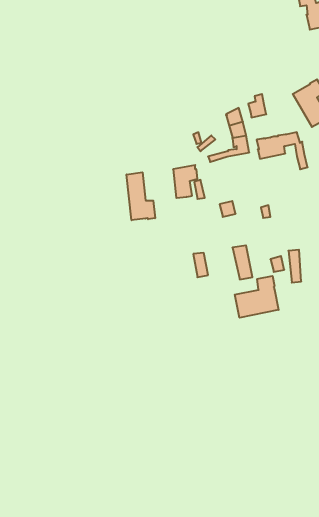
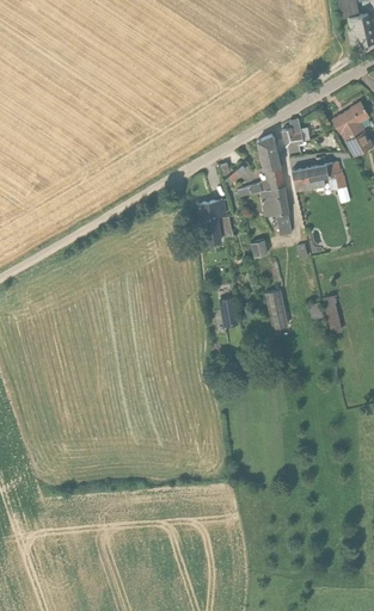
building: none -> [239,184,292,234]
building: [127,172,155,220] -> none
building: [235,276,279,318] -> none

